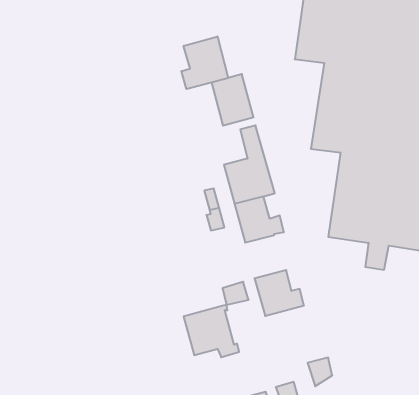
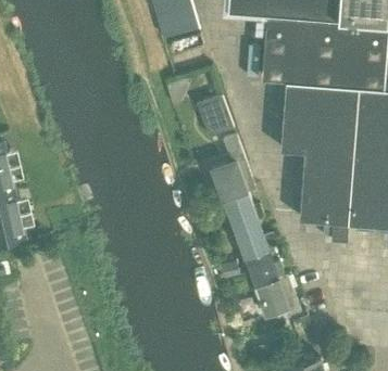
building: [181,36,228,89] -> none
building: none -> [234,219,278,255]
building: [184,305,239,357] -> [254,272,301,315]

